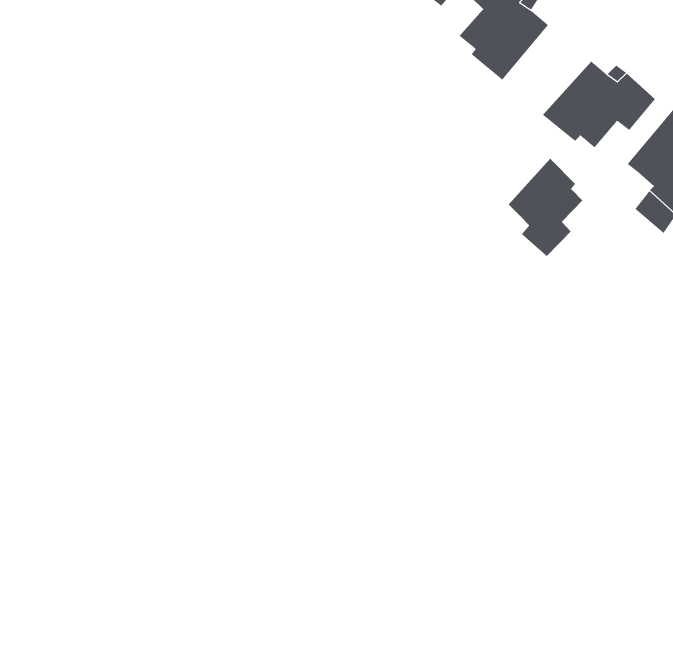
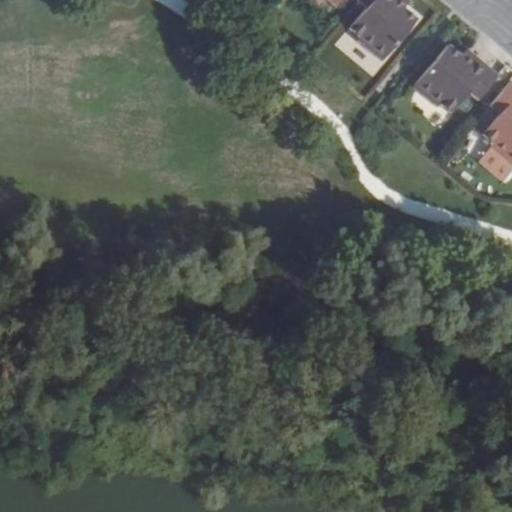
building: [508,158,583,257] -> none

